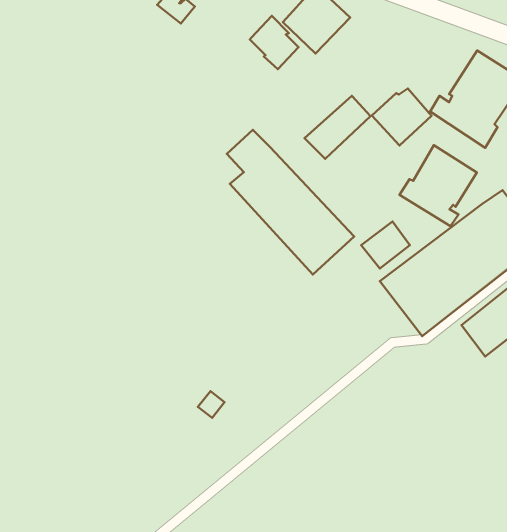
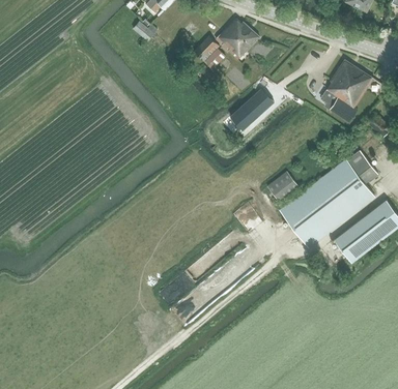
building: [372,88,431,145] -> none
building: [227,130,354,275] -> none
building: [399,145,477,226] -> none

